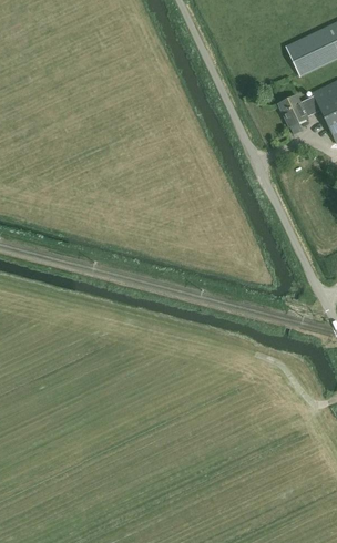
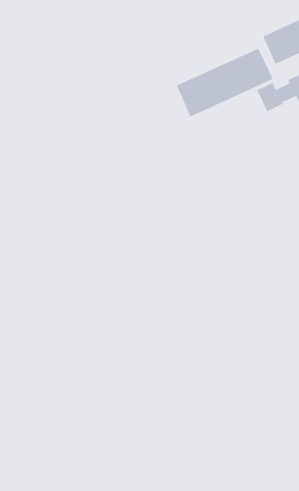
building: none -> [176,48,273,117]

